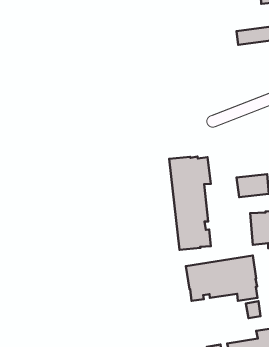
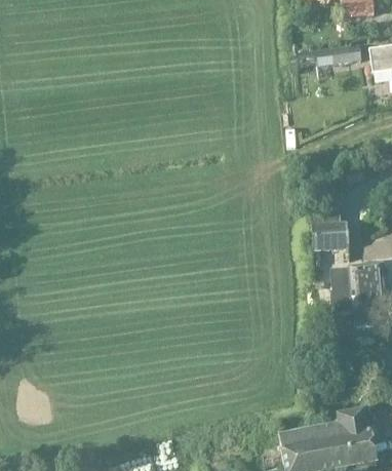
building: [169,156,211,250] -> none
building: [186,255,258,301] -> none

